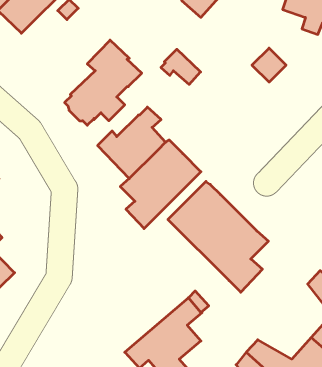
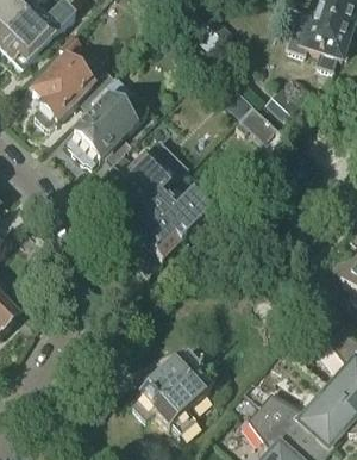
building: none -> [33,57,93,126]
building: [161,49,201,84] -> [237,104,278,141]
building: [168,181,268,292] -> none

